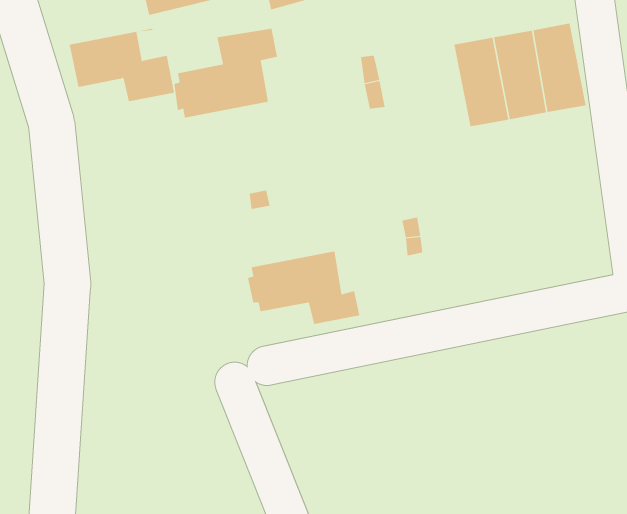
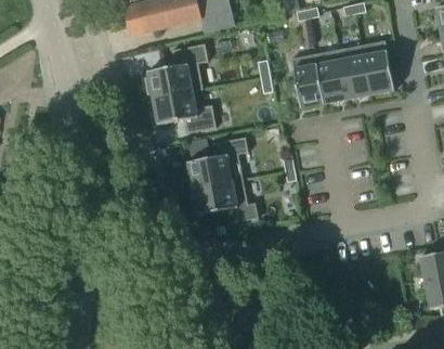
building: [69,28,175,102] -> [153,89,217,133]
building: none -> [292,54,325,108]
building: none -> [187,138,249,189]

